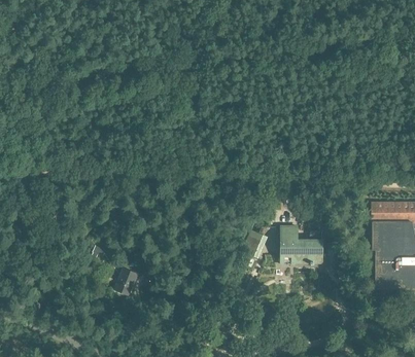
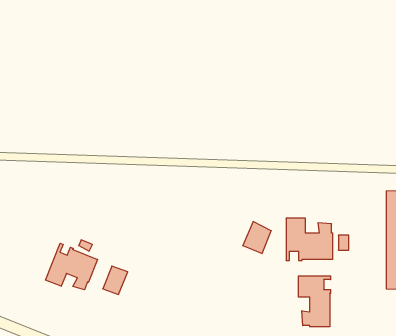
building: none -> [46,243,98,290]
building: none -> [298,276,331,327]

